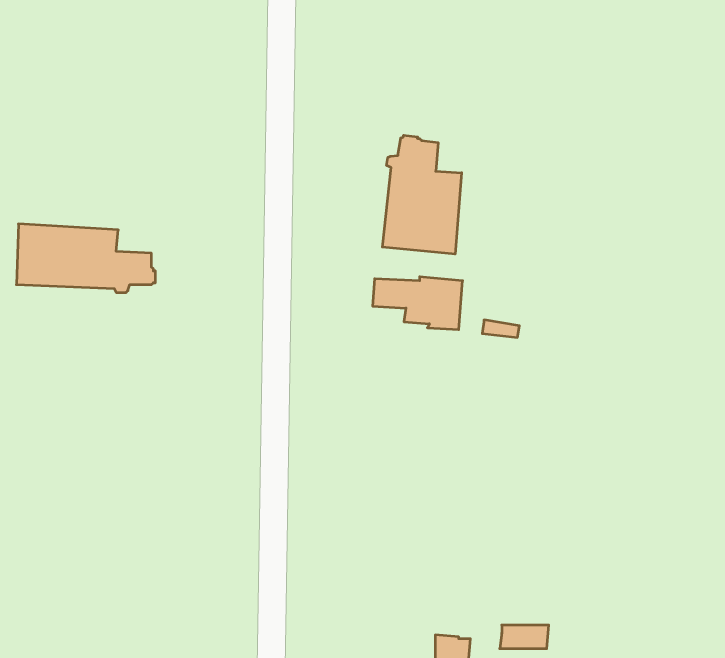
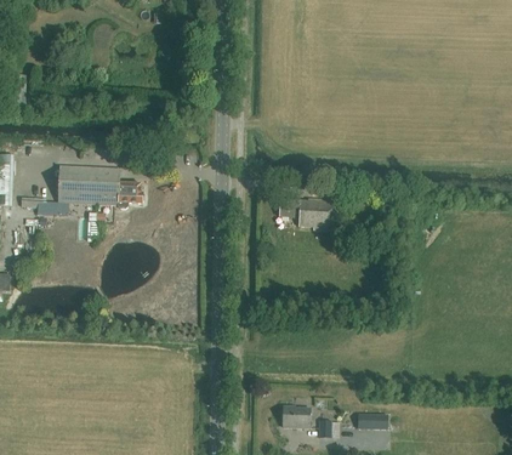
building: [382,135,462,254] -> none
building: none -> [281,405,309,427]

